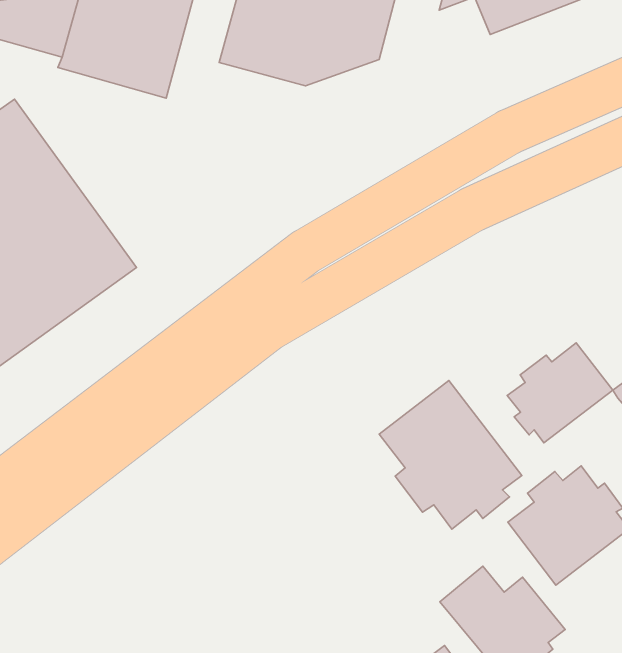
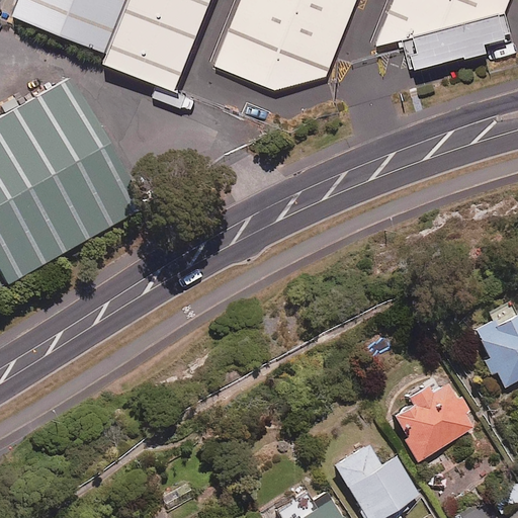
building: [507,343,613,443] -> none
building: [379,380,522,529] -> none

